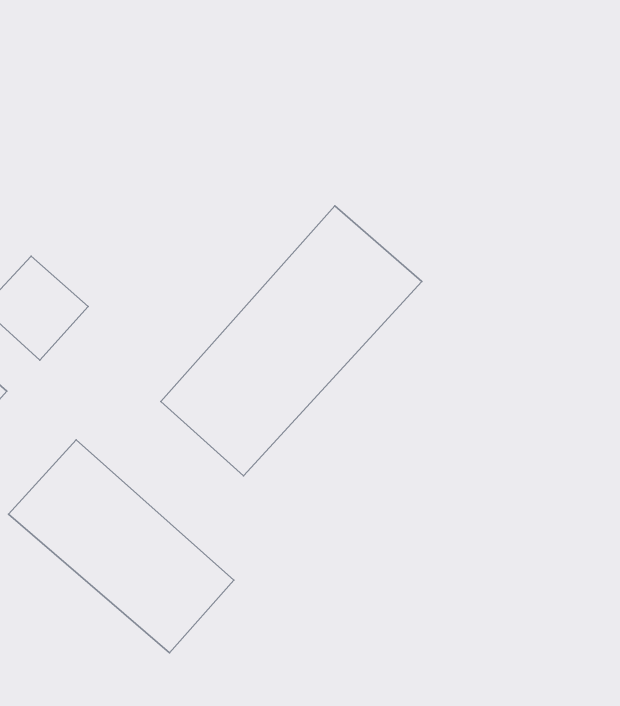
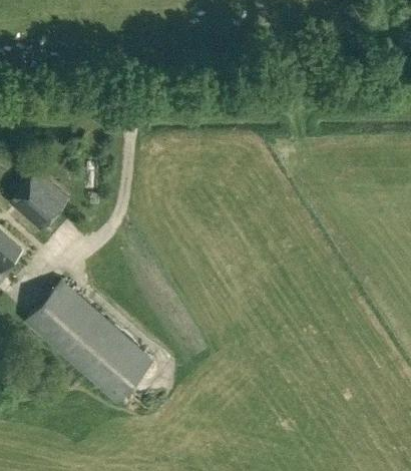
building: [161,206,422,476] -> none

